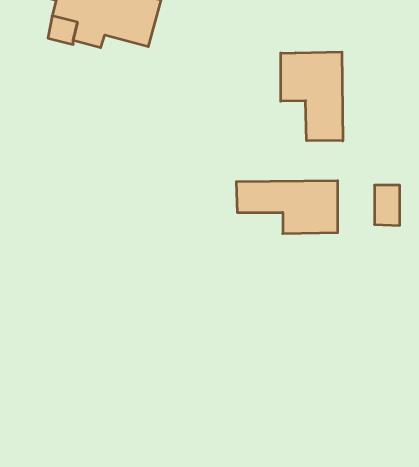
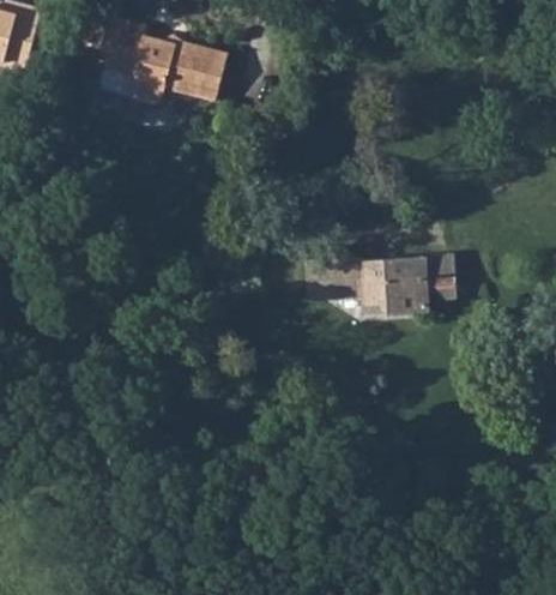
building: [281,52,343,141] -> none
building: [374,185,400,225] -> [428,256,457,301]

